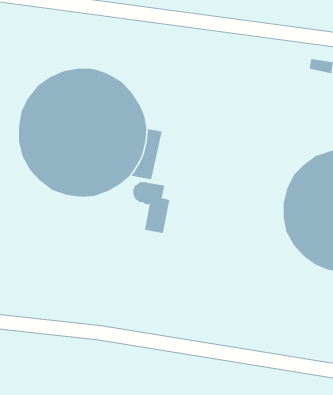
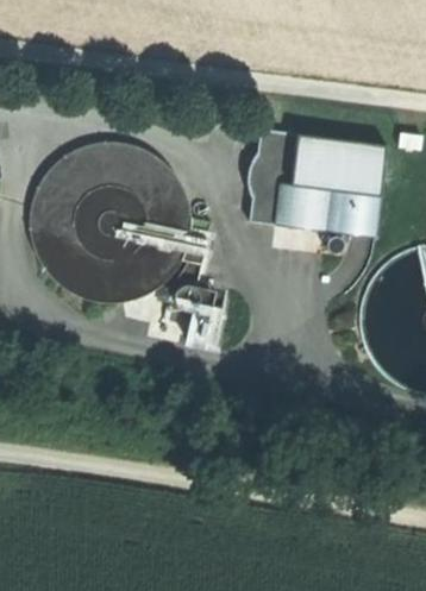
building: none -> [248,127,387,237]

